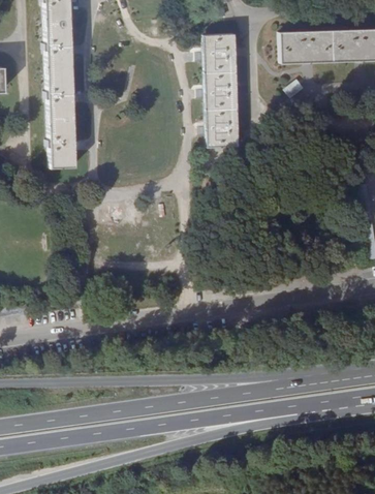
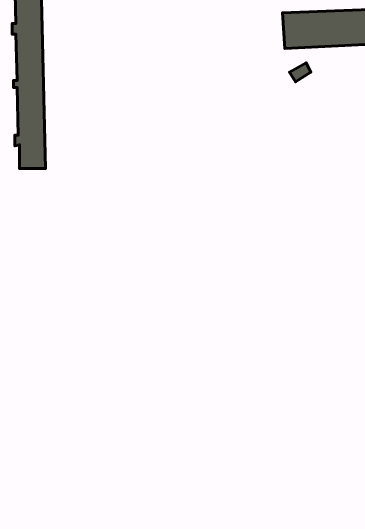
building: [204,35,239,149] -> none

